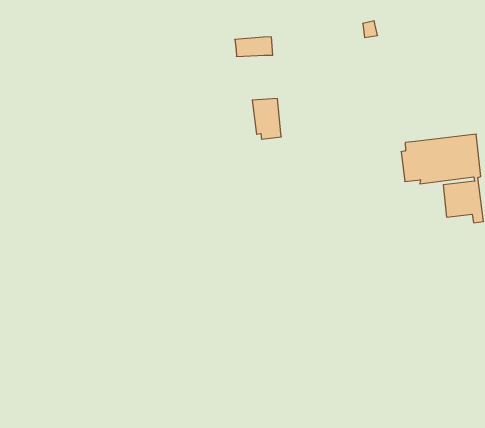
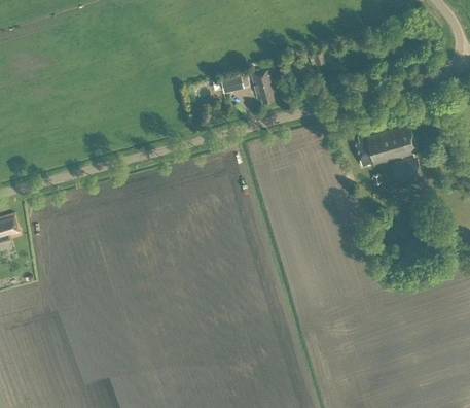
building: [252,99,281,139] -> [250,72,276,104]

